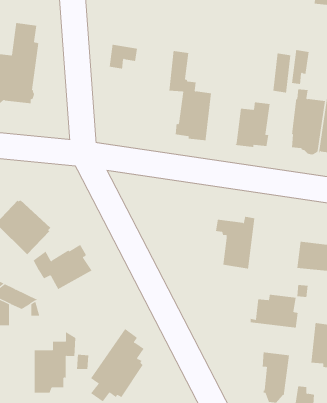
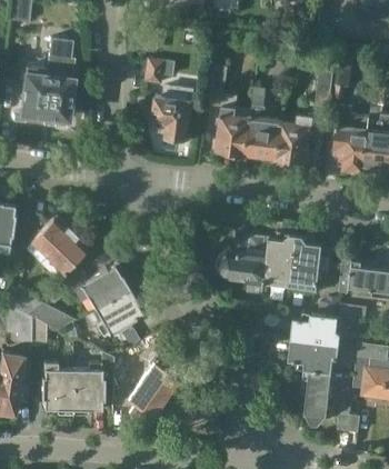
building: none -> [247,87,281,160]
building: none -> [152,89,196,142]
building: none -> [217,230,267,291]
building: none -> [290,237,330,292]
building: none -> [94,290,147,338]
building: none -> [289,343,339,377]
building: none -> [40,362,70,416]

